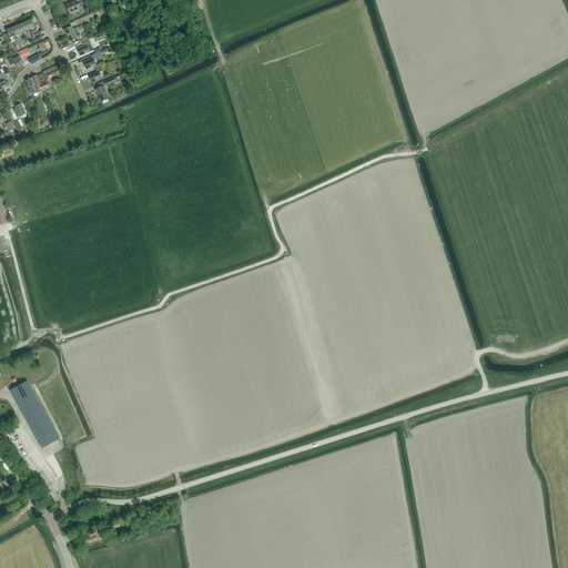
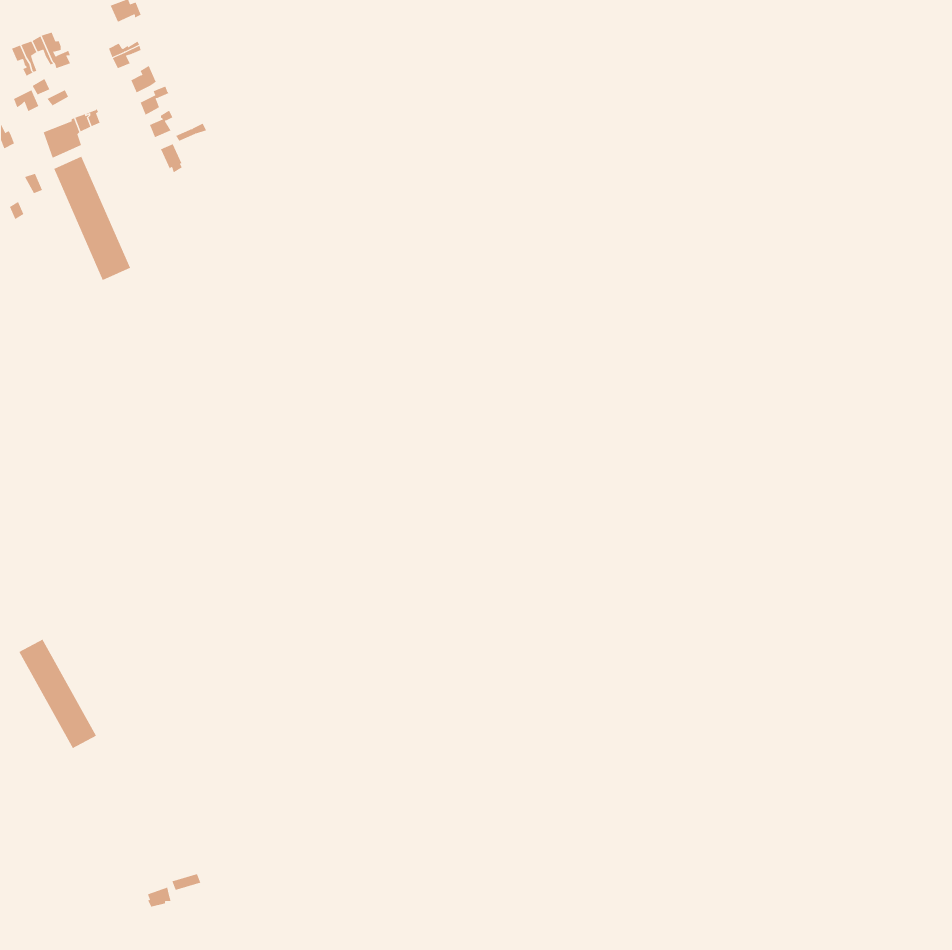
building: none -> [53,156,131,281]

